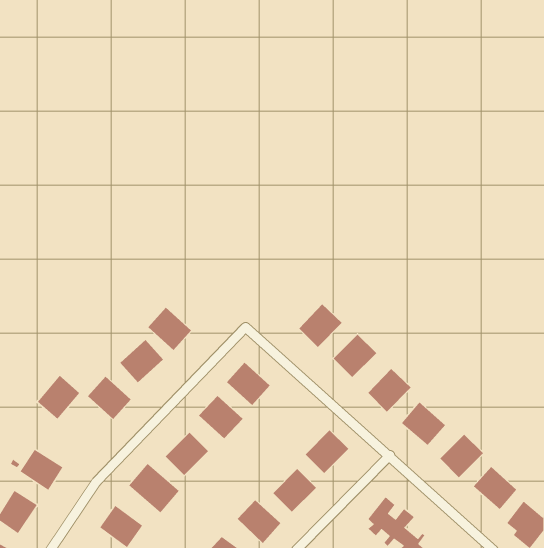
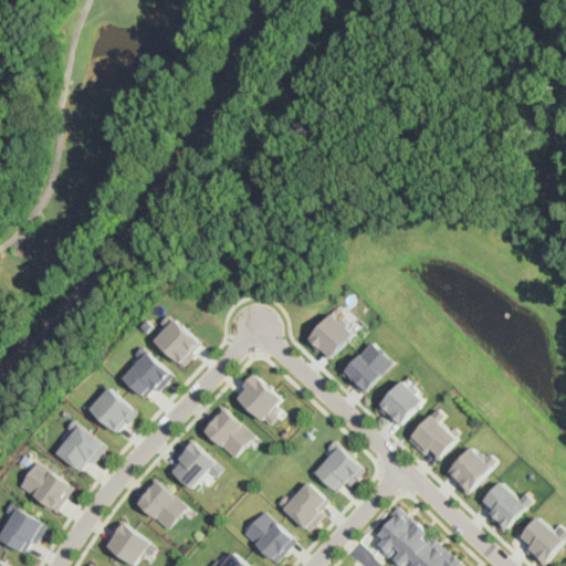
building: [37,375,80,420] -> [54,423,98,470]

